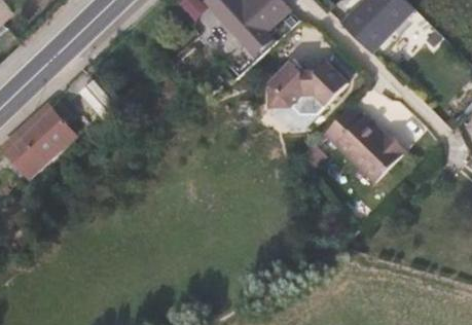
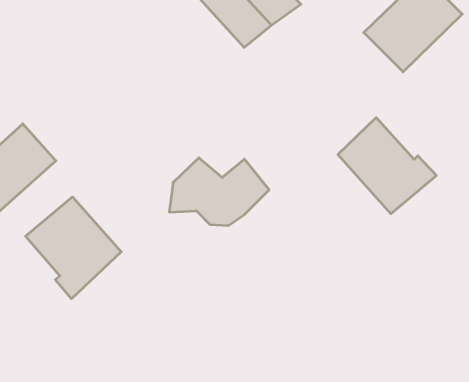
building: [262,53,346,110] -> [169,158,269,226]
building: none -> [26,197,121,299]

